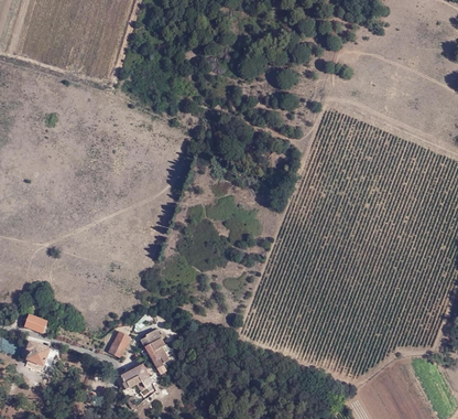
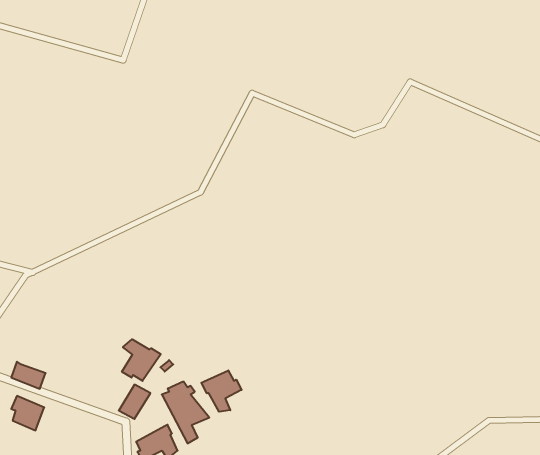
building: none -> [122,339,161,381]
building: none -> [201,370,242,412]

